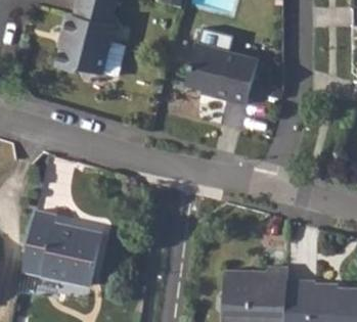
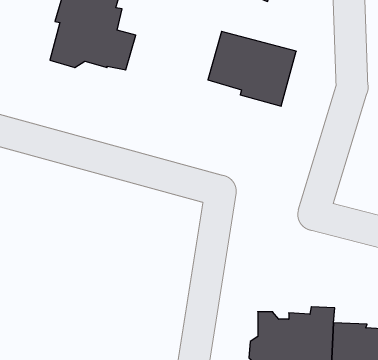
building: [23,213,101,286] -> none

